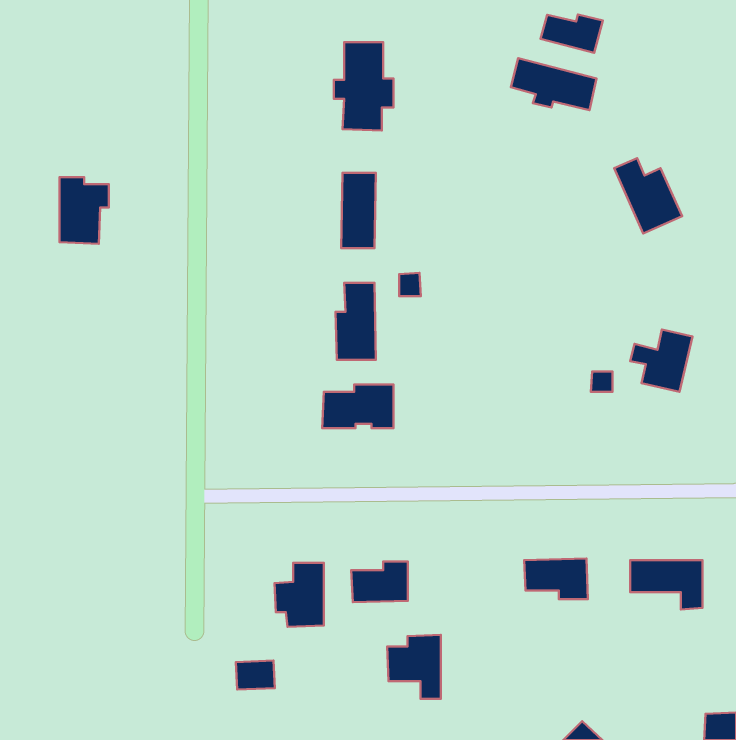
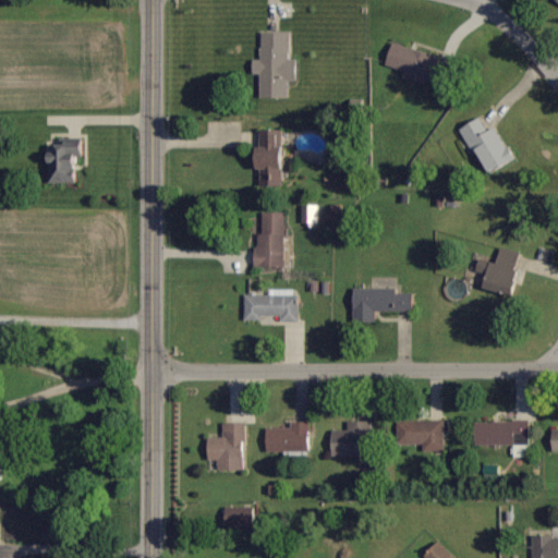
building: [540,15,603,53] -> none
building: none -> [350,288,411,323]
building: [387,635,441,699] -> [328,421,368,469]
building: [236,661,275,690] -> [223,507,253,529]

